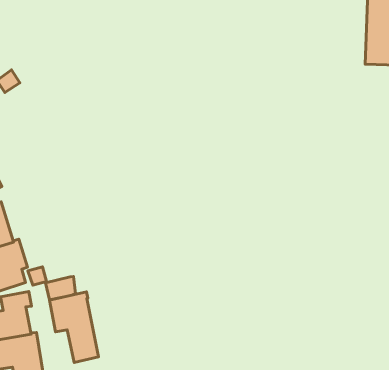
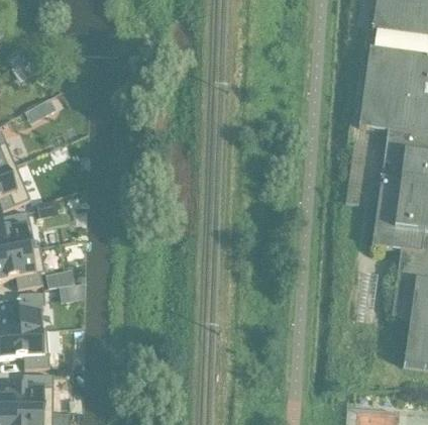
building: [49,292,99,363] -> none

